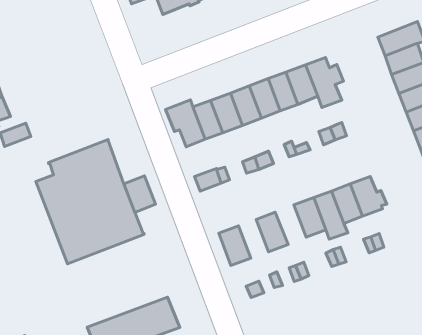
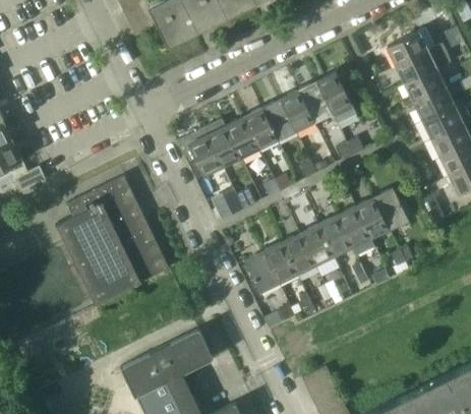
building: [124,176,156,212] -> none
building: none -> [299,226,333,267]
building: none -> [263,244,296,284]

